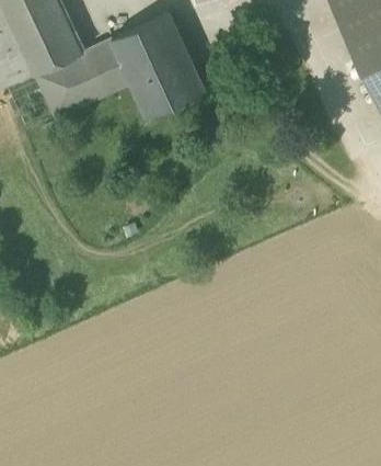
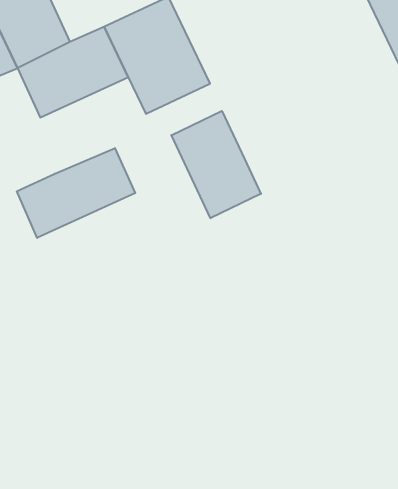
building: none -> [171,111,261,218]
building: none -> [17,148,135,238]

